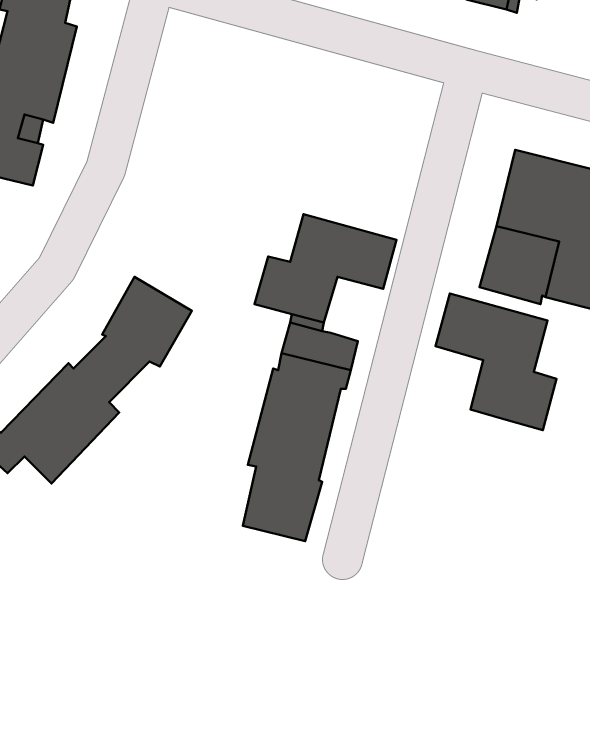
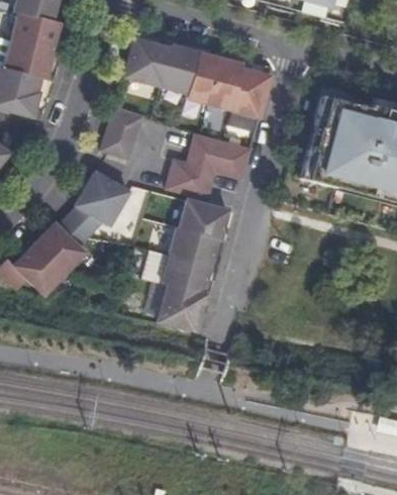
building: none -> [124,38,270,116]
building: none -> [101,106,142,158]
building: [435,293,557,430] -> none

